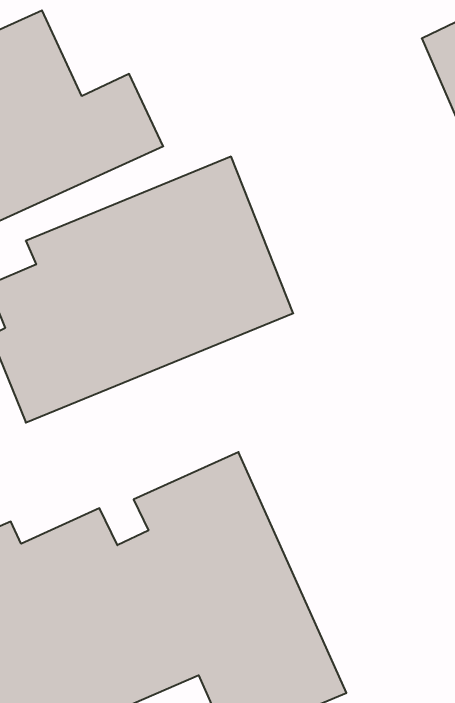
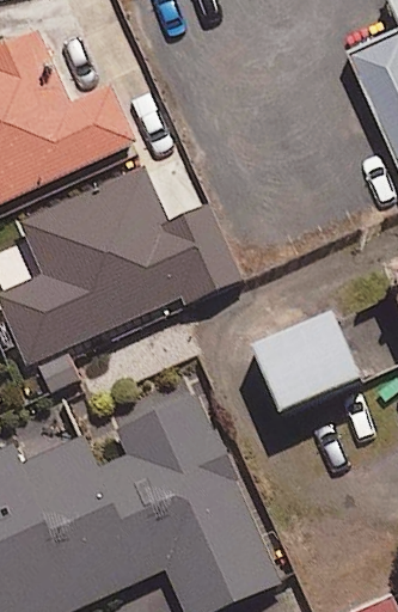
building: none -> [257,313,362,411]

